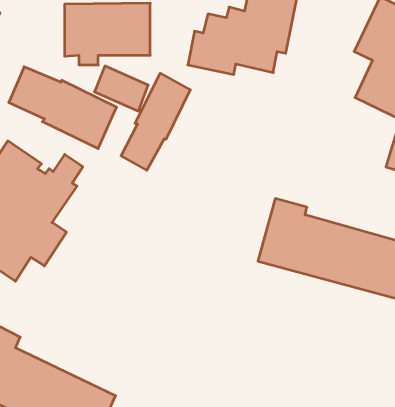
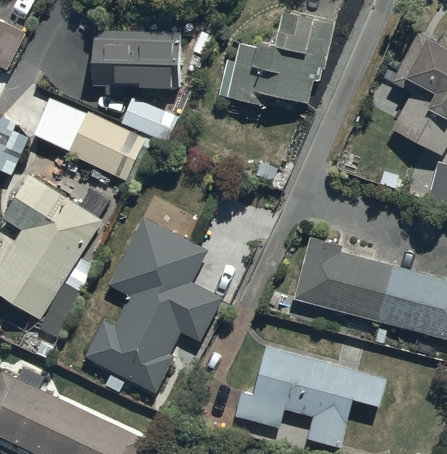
building: [121,73,190,170] -> none
building: none -> [85,218,222,394]
building: none -> [235,345,387,446]

